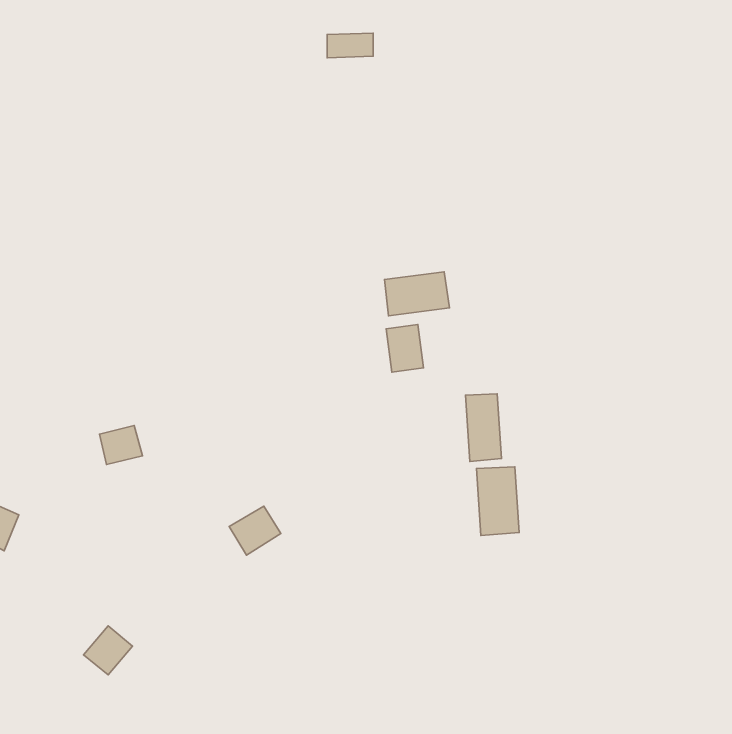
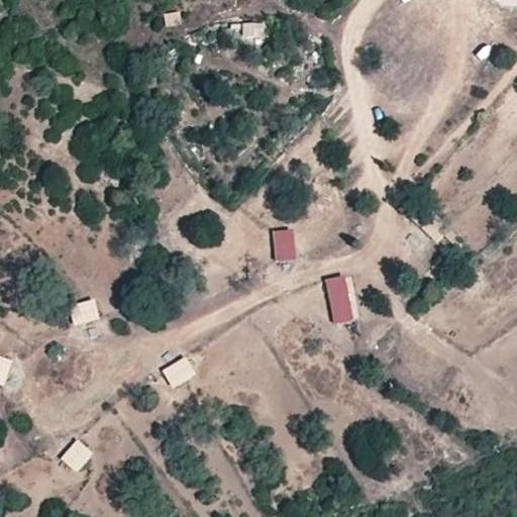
building: [384,272,449,316] -> none
building: [477,467,519,536] -> none

